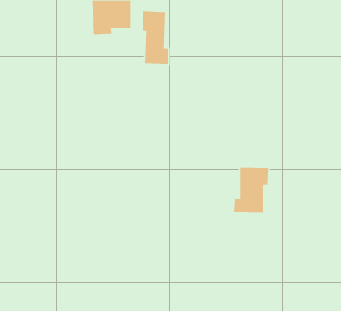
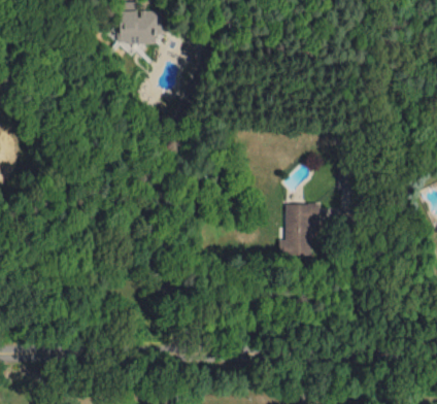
building: [142,11,169,65] -> none

